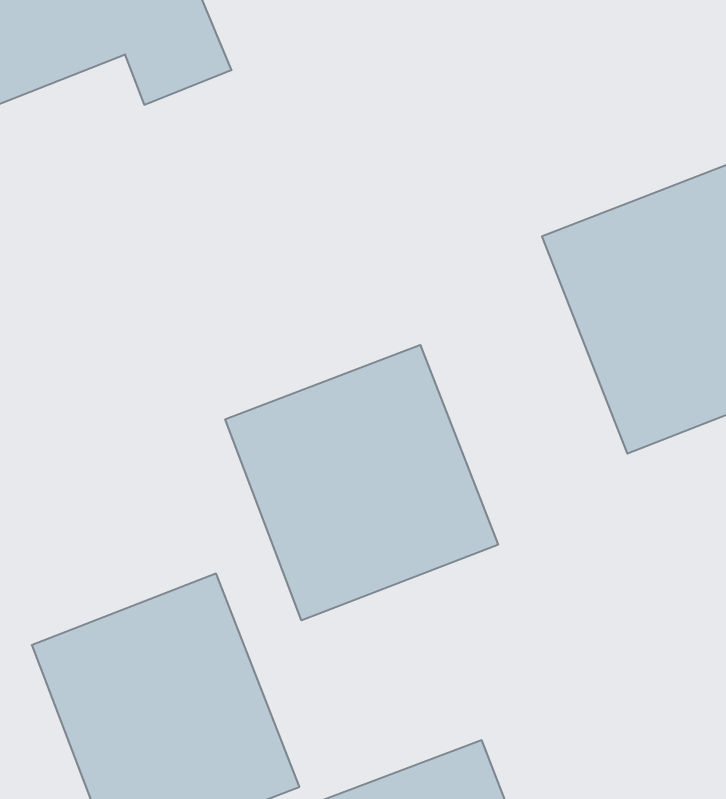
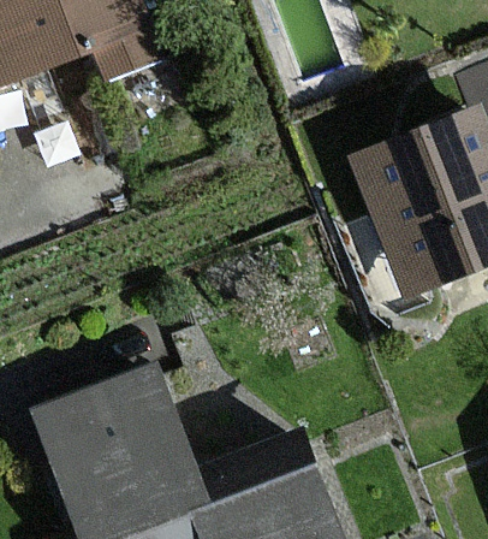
building: [225,345,498,620] -> none

